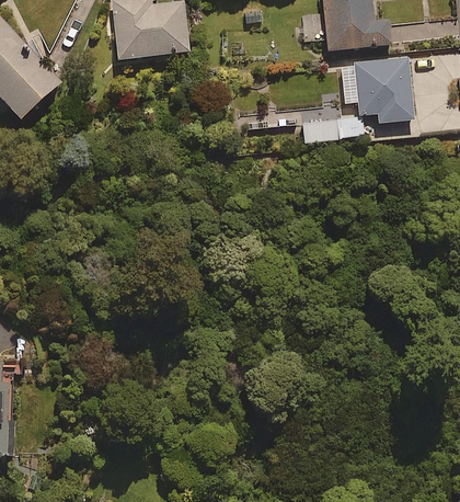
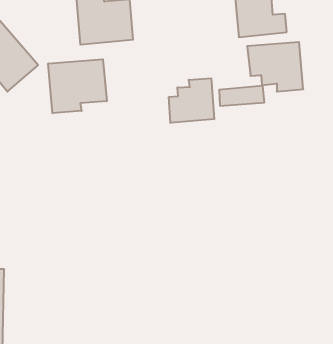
building: none -> [48,59,107,113]
building: none -> [169,78,214,123]

